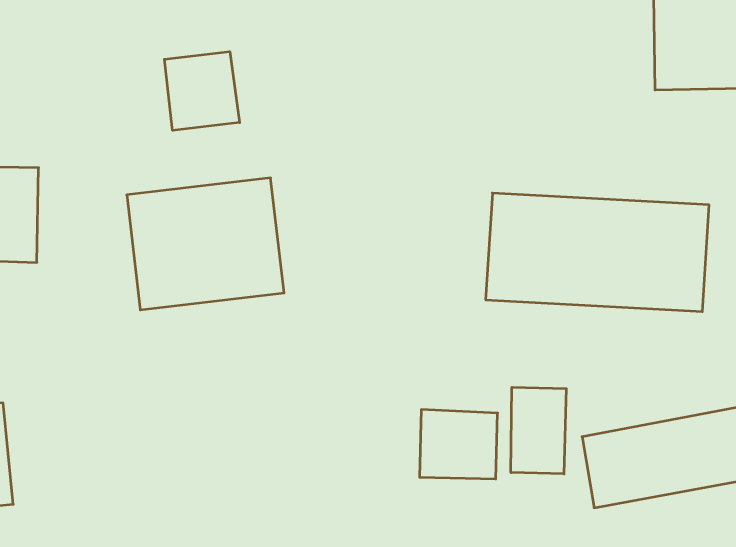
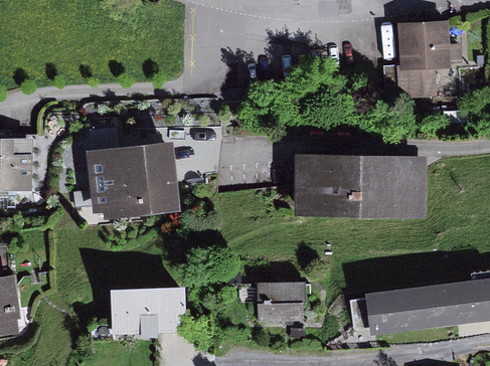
building: [164,52,240,130] -> none
building: [511,387,566,474] -> none
building: none -> [116,287,197,335]

